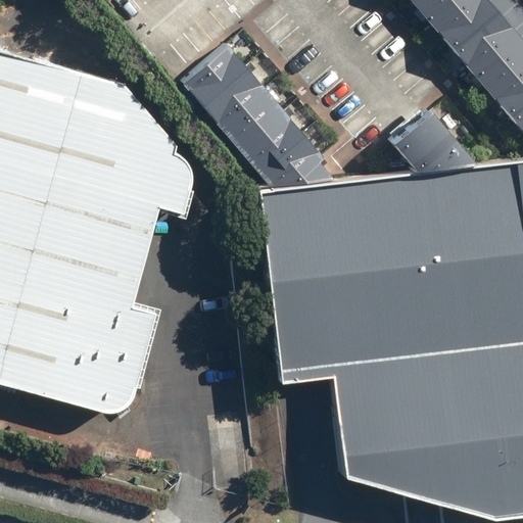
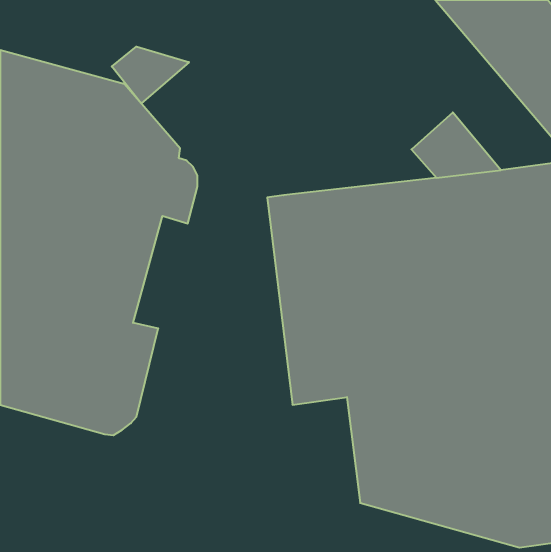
building: [183,47,335,188] -> none
building: none -> [112,47,189,103]

